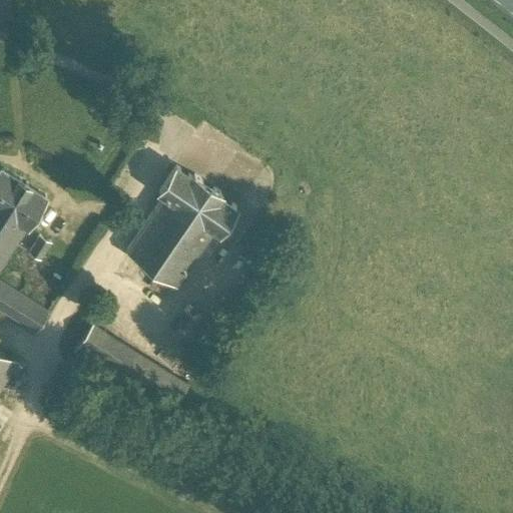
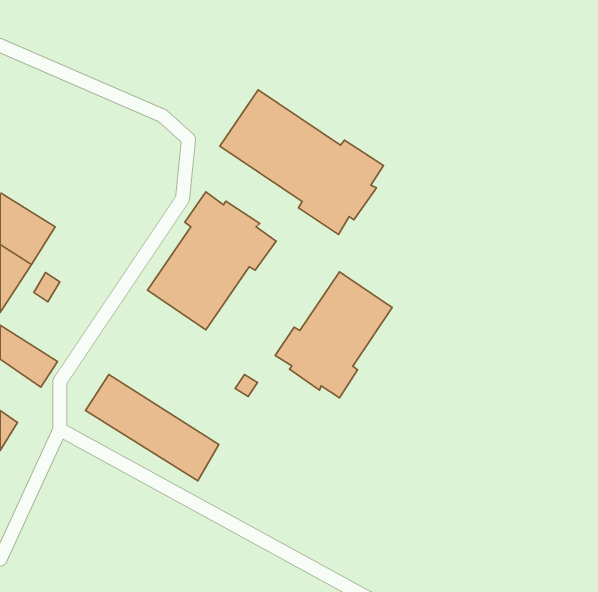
building: none -> [220,90,384,235]
building: none -> [275,272,392,398]

